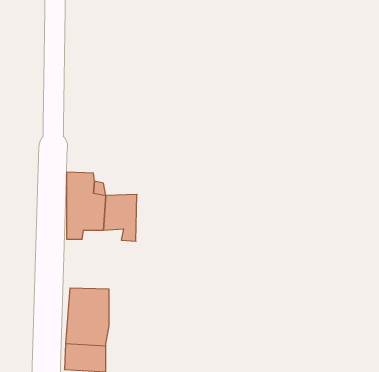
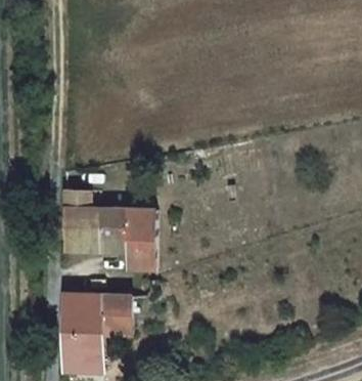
building: none -> [127,209,153,269]
building: none -> [102,296,132,330]

